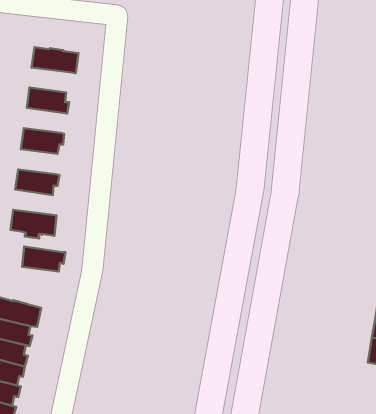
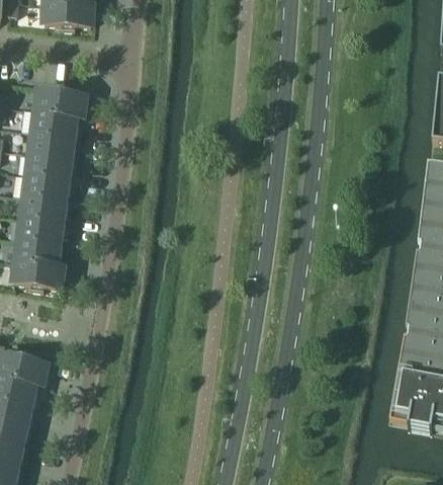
building: none -> [33,107,77,134]
building: none -> [27,150,73,176]
building: none -> [21,193,67,220]
building: [22,247,66,272] -> [16,236,62,262]

